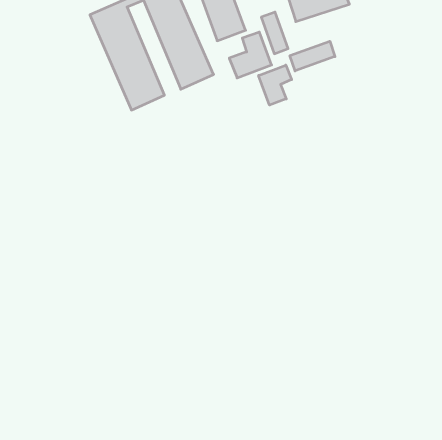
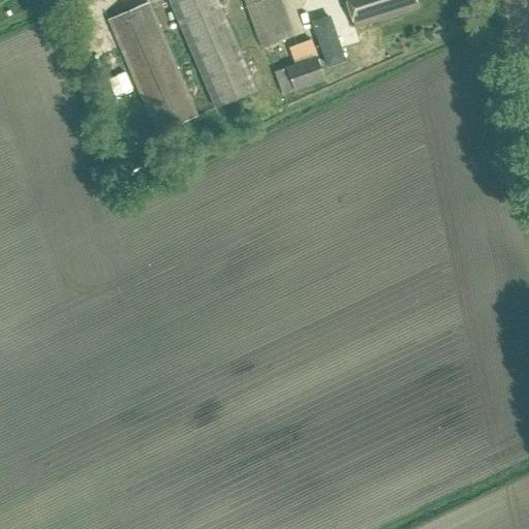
building: [290,41,335,71] -> none
building: [259,65,292,105] -> none

